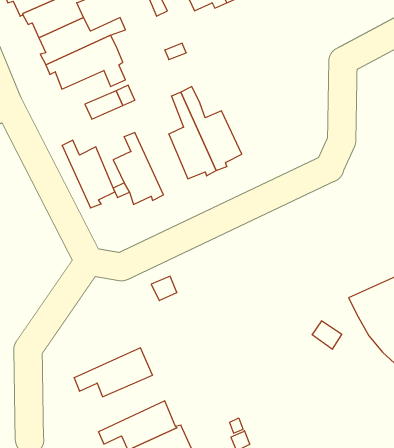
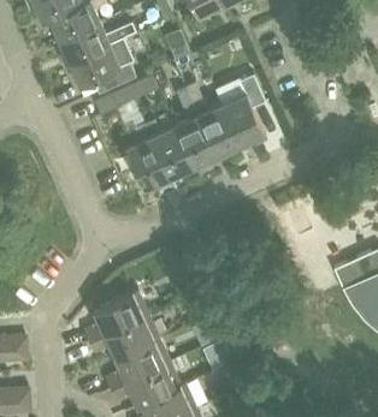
building: none -> [222,81,265,143]
building: [62,140,115,208] -> [144,119,191,179]
building: none -> [84,291,149,341]
building: none -> [106,339,171,389]

